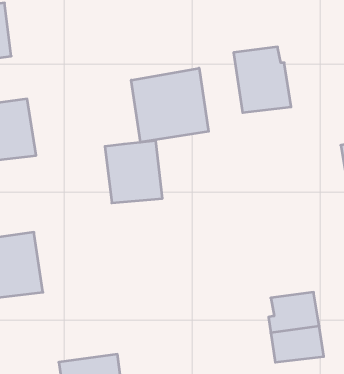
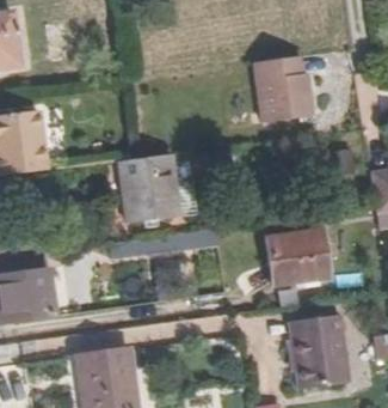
building: [131,68,209,142] -> none
building: none -> [272,233,332,287]
building: none -> [66,347,133,390]

